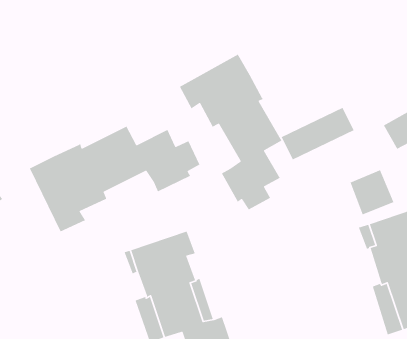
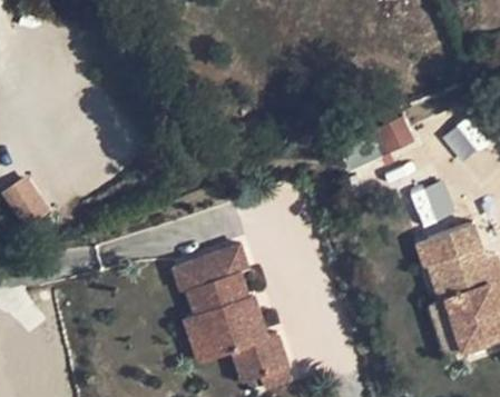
building: [179,54,282,211] -> none
building: [29,125,200,233] -> none

